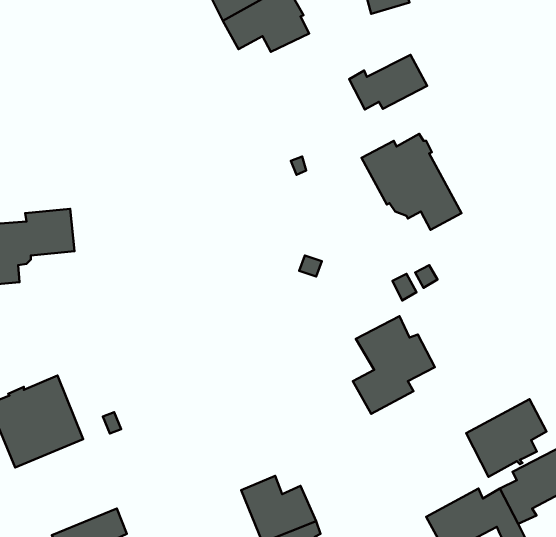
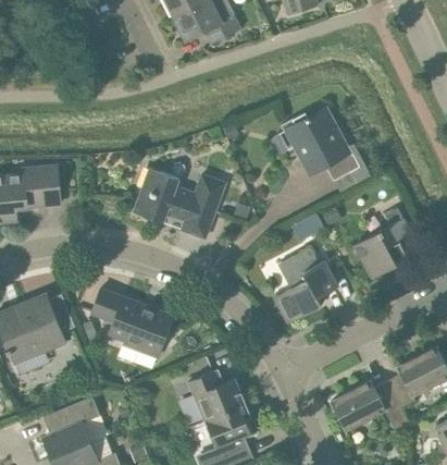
building: [349,55,427,109] -> none
building: none -> [134,168,225,238]
building: none -> [91,289,173,354]
building: [466,399,547,477] -> [355,218,417,278]

